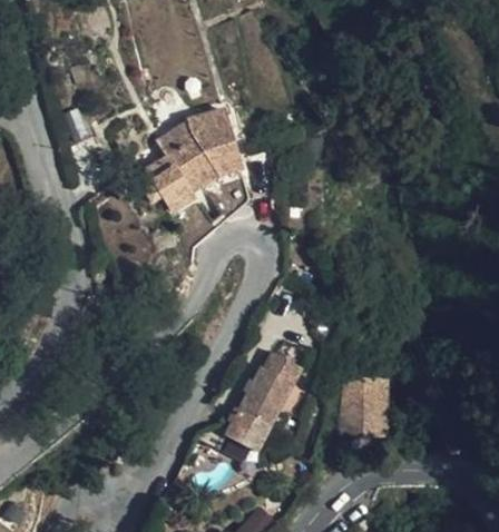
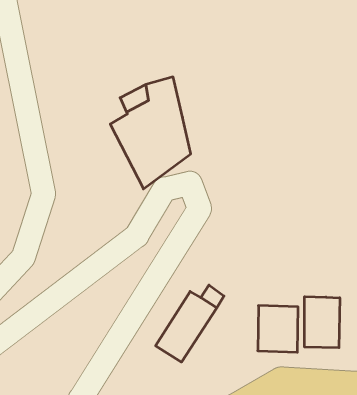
building: none -> [305,297,340,348]

